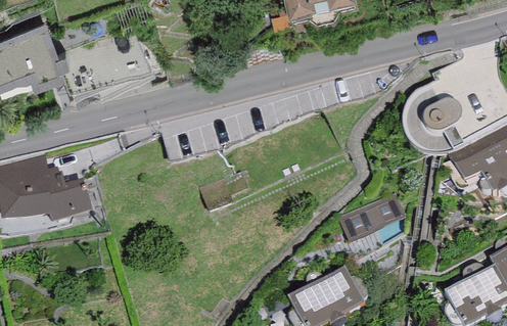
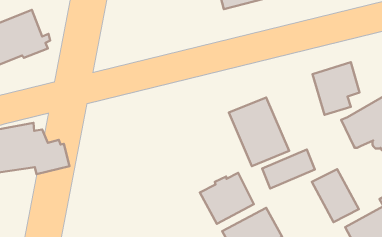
building: none -> [229,97,289,166]
building: none -> [312,169,359,222]
building: none -> [200,173,254,224]

